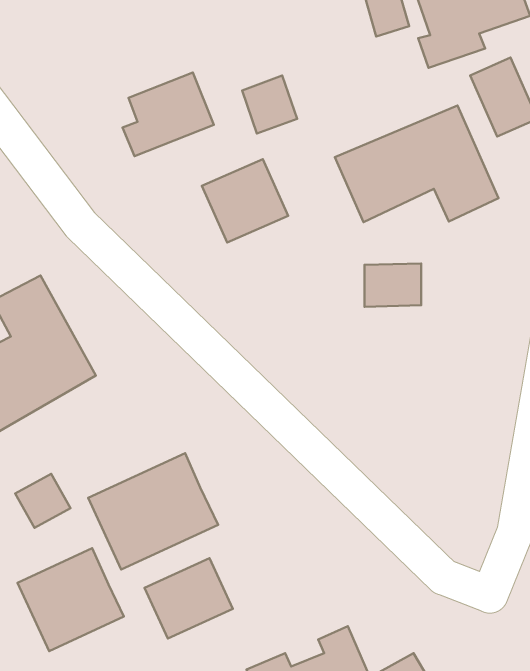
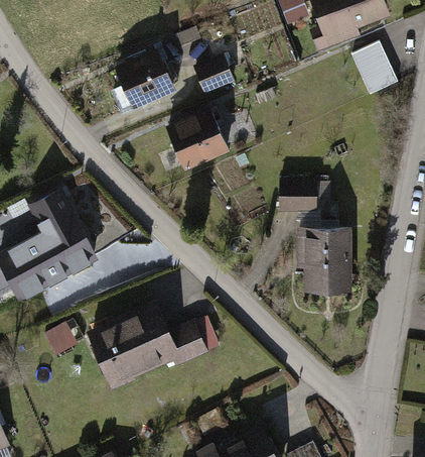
building: [335,106,498,222] -> none
building: none -> [296,227,351,292]
building: none -> [167,318,208,359]
building: [17,548,124,651] -> none
building: [145,558,233,638] -> none

